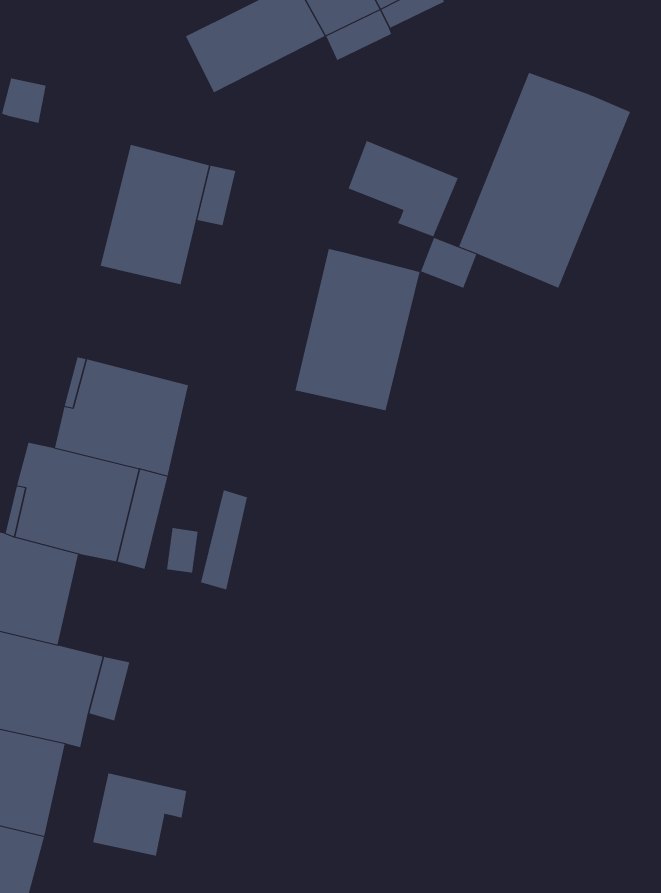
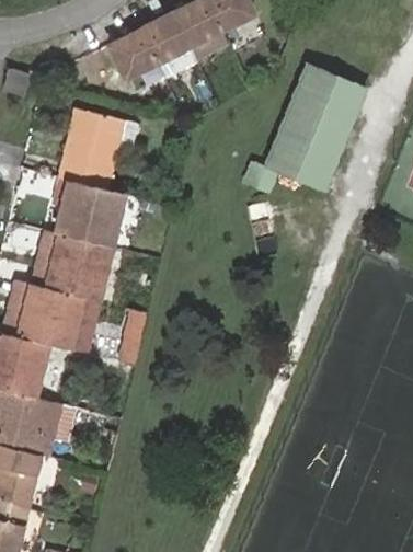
building: [348,140,458,237] -> none
building: [295,248,420,411] -> none
building: none -> [56,180,125,246]
building: [92,773,187,856] -> none

